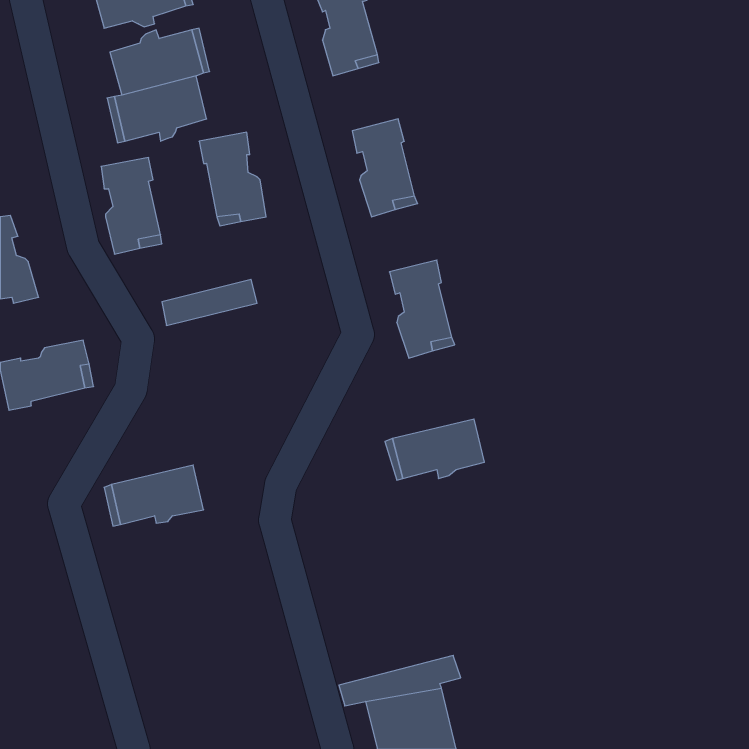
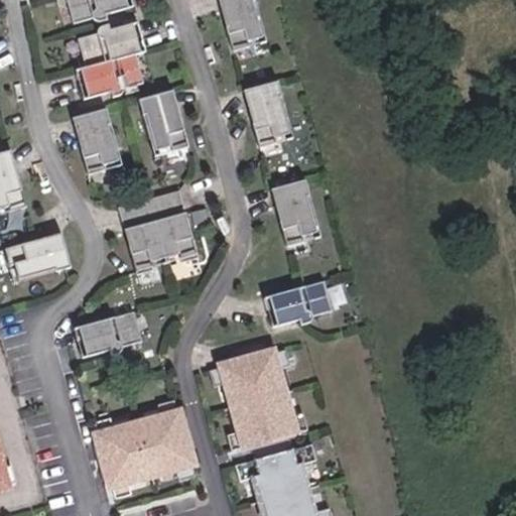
building: none -> [127,213,196,273]
building: none -> [212,350,310,449]
building: none -> [88,396,189,494]

